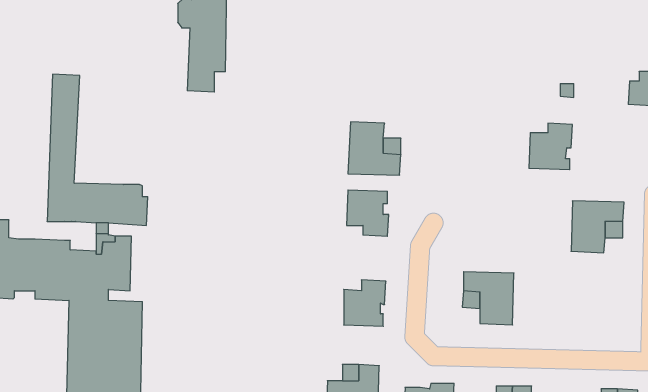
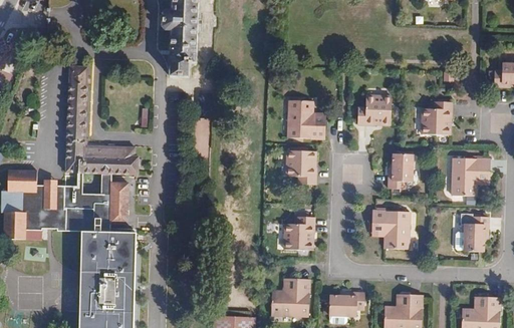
building: none -> [357,94,393,125]
building: none -> [389,153,414,189]
building: none -> [464,216,489,252]

